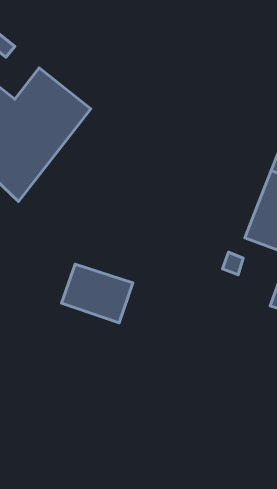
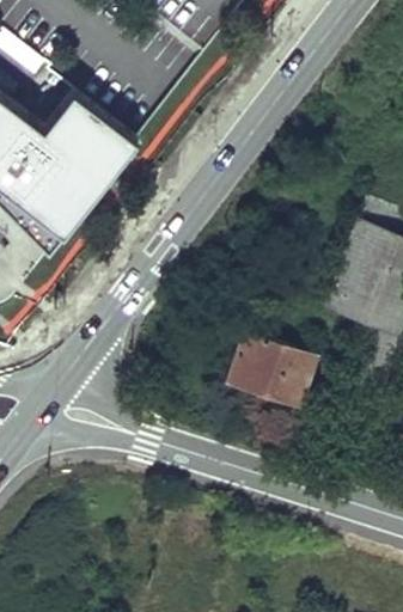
building: [62,264,133,323] -> [225,332,312,404]

